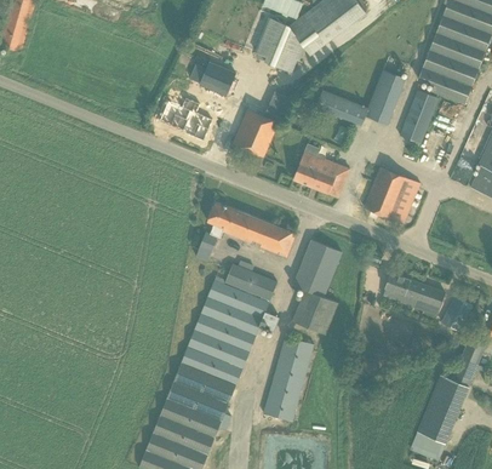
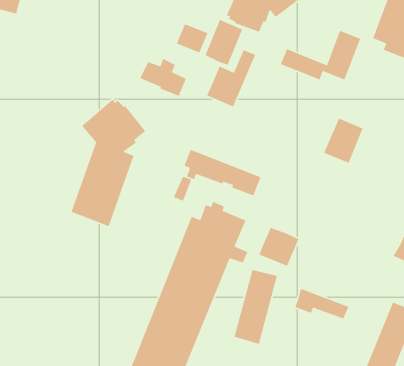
building: none -> [205,19,243,66]
building: [399,90,437,143] -> none
building: [293,143,349,198] -> none
building: none -> [70,98,146,227]
building: [293,240,342,297] -> none
building: [383,273,445,308] -> [294,288,349,319]

